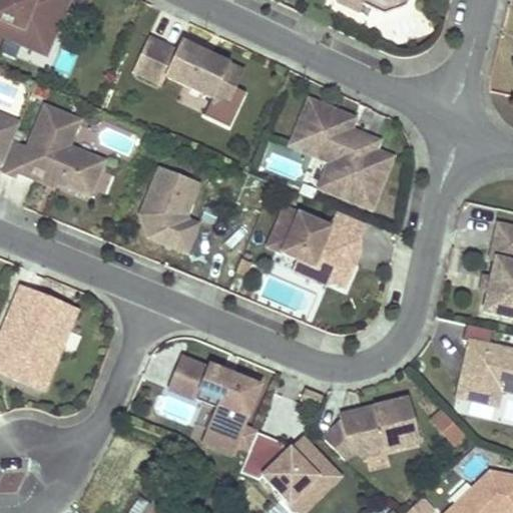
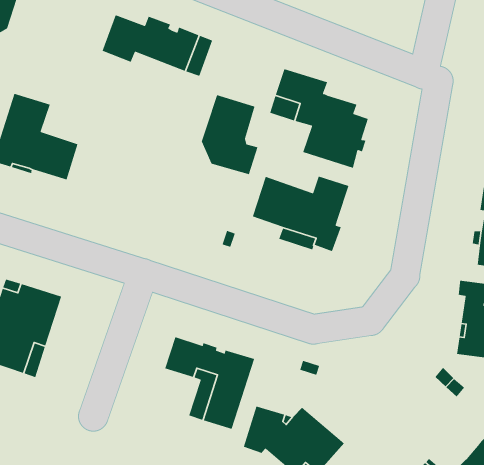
building: [141,166,197,248] -> [201,94,259,175]
building: [324,396,420,457] -> none

